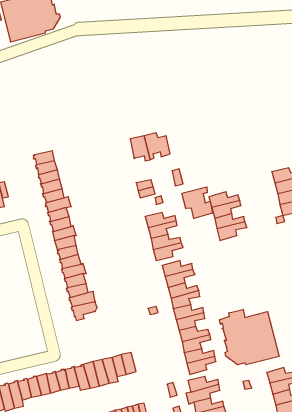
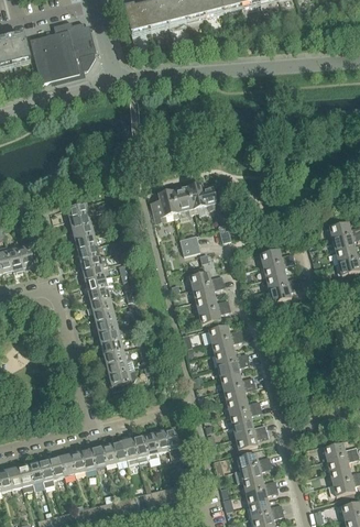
building: none -> [151,190,179,222]
building: [182,187,212,219] -> none
building: [220,309,279,365] -> none

